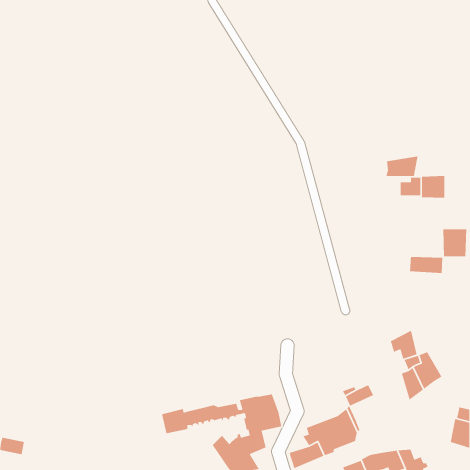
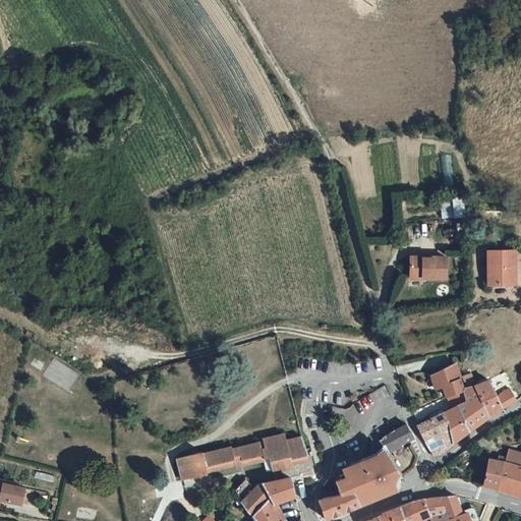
building: [386,155,418,177] -> none
building: [421,175,445,199] -> none
building: [409,256,443,274] -> [410,259,448,279]
building: none -> [472,380,515,417]
building: none -> [417,413,452,450]
building: none -> [481,458,502,489]

